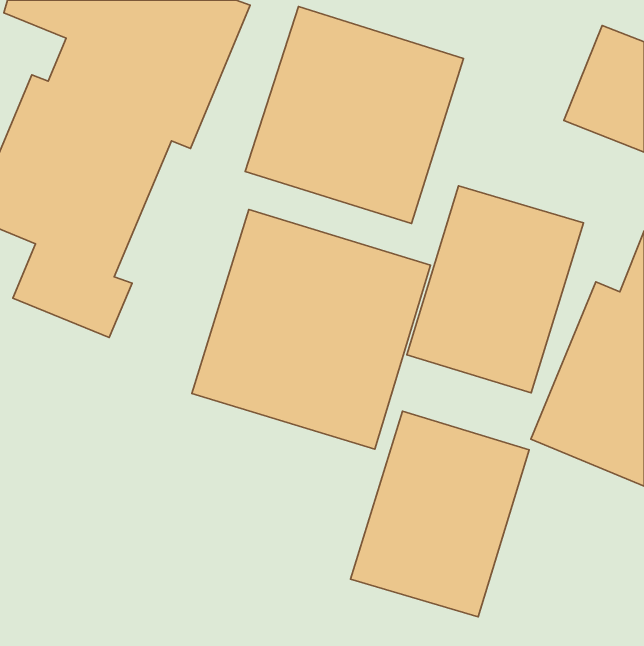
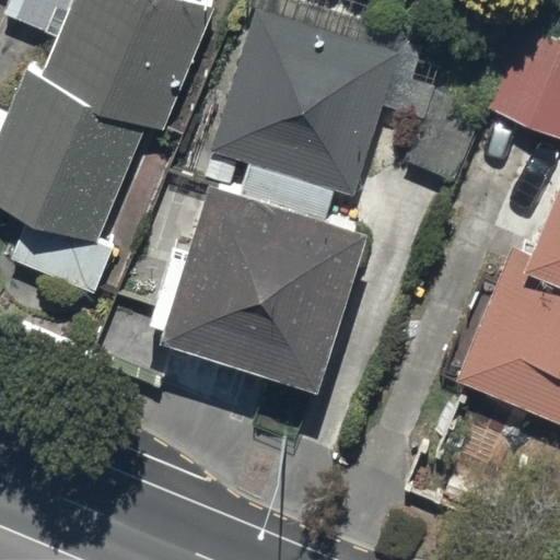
building: [407,186,584,393] -> none
building: [351,411,529,617] -> none

